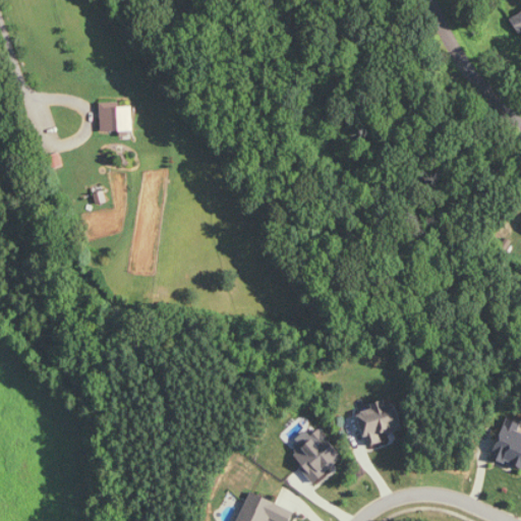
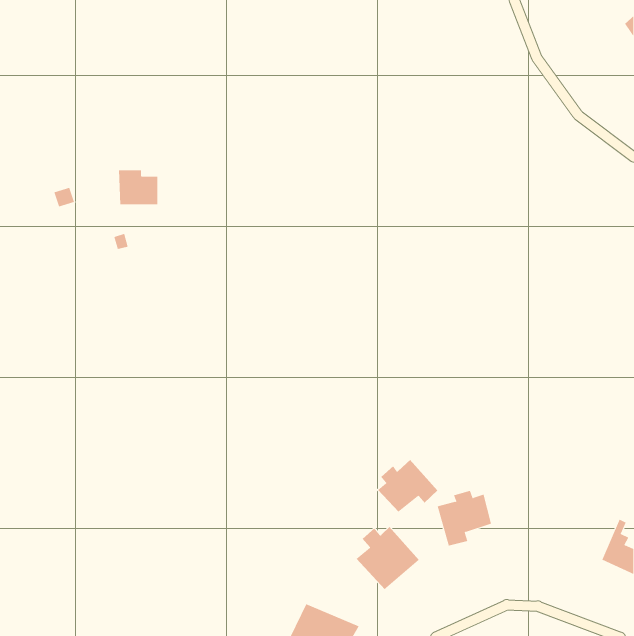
building: [99,103,131,131] -> [118,170,158,205]
building: none -> [377,459,438,513]

